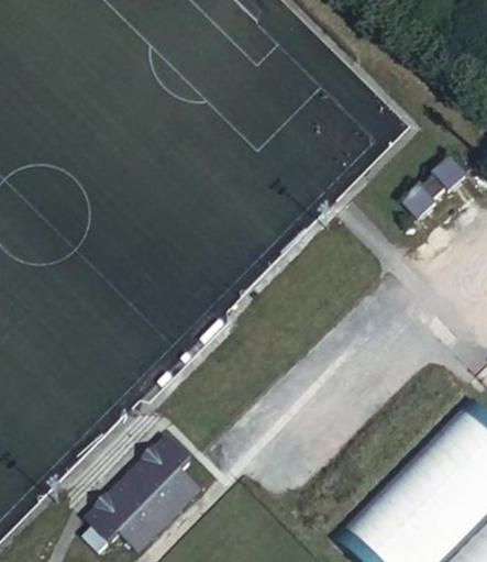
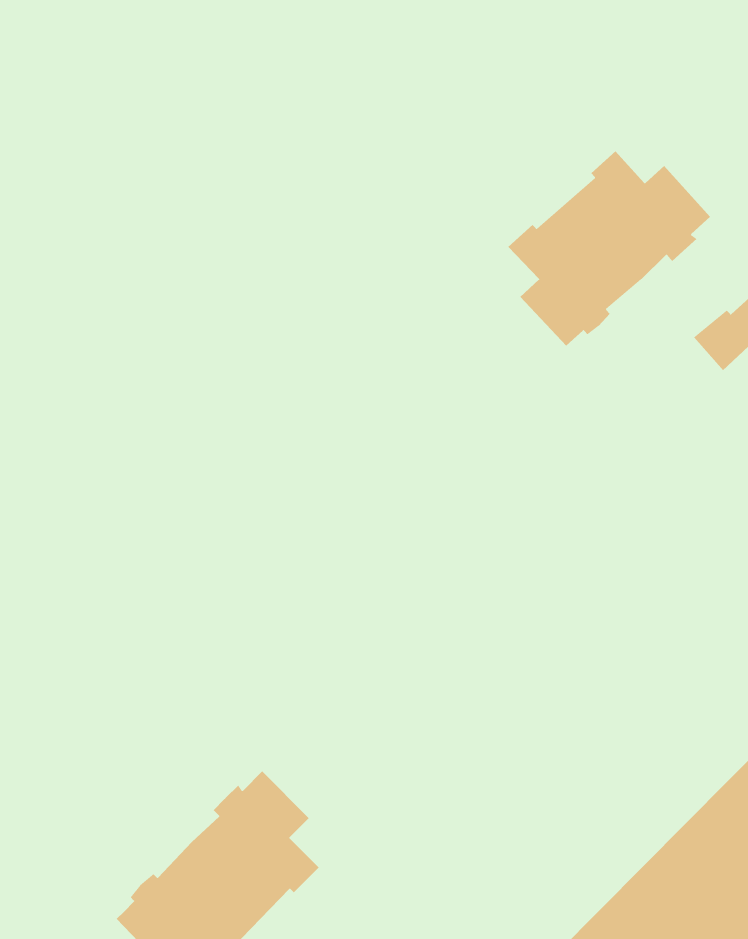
building: none -> [508,150,711,347]

